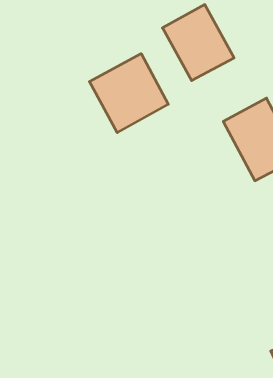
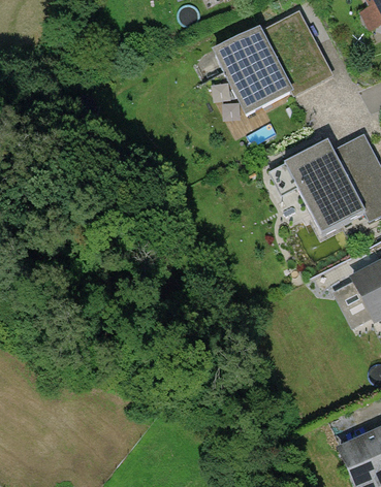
building: [89,54,168,133] -> none

